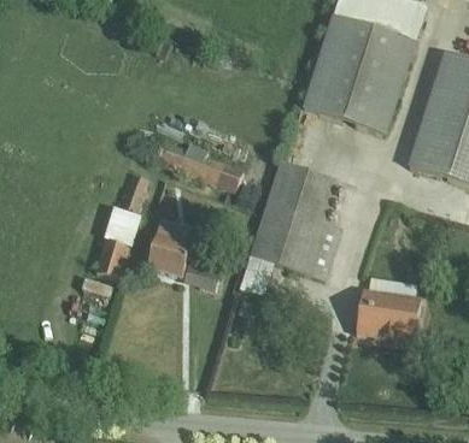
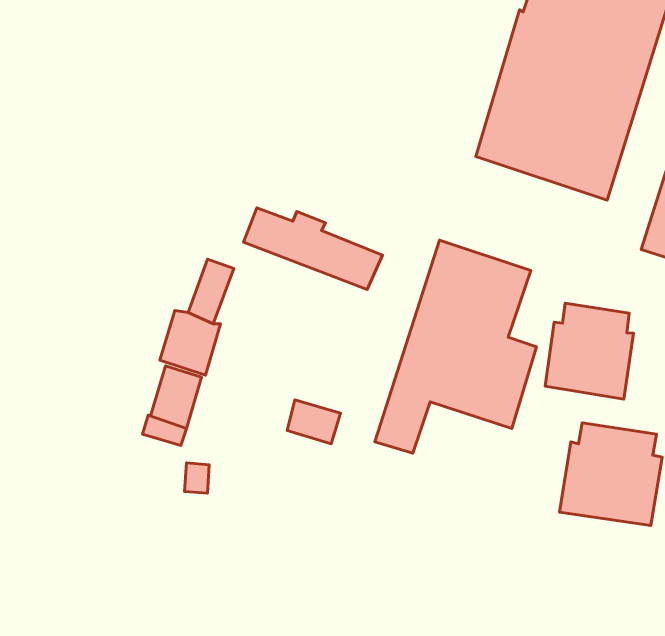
building: none -> [545,303,634,399]
building: [147,219,195,276] -> none

